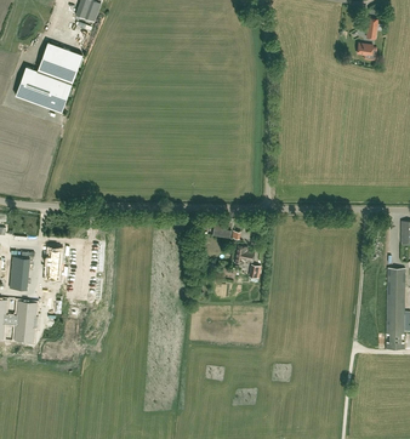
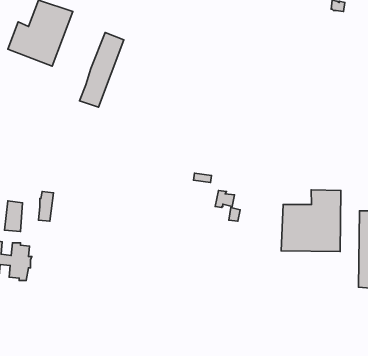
building: none -> [79,33,124,107]
building: none -> [281,190,341,252]

